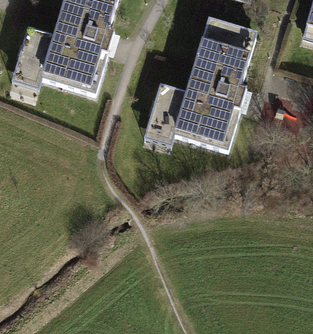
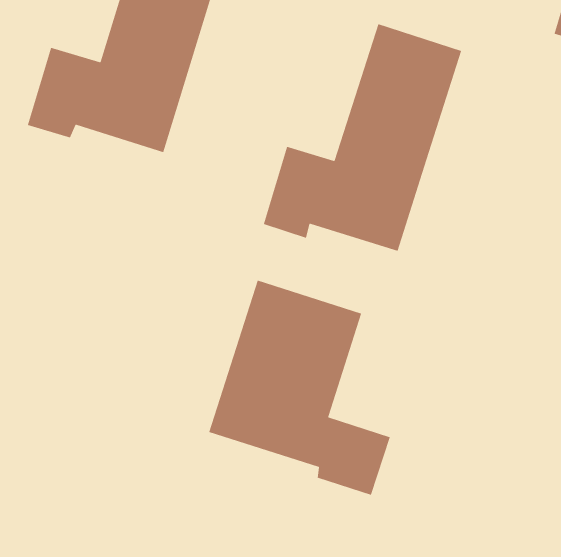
building: none -> [208,279,391,496]

